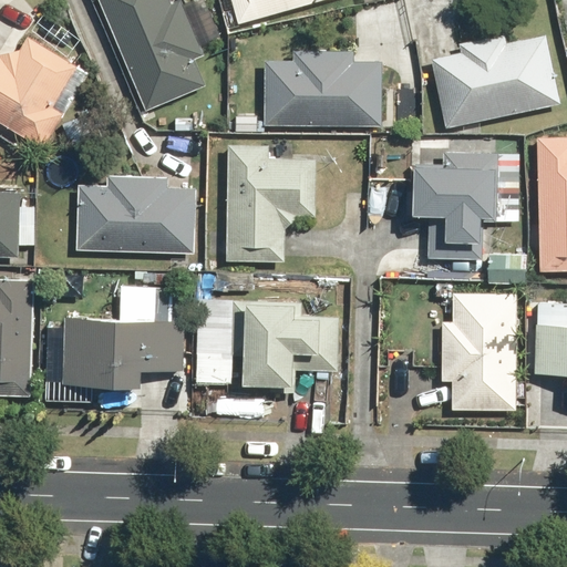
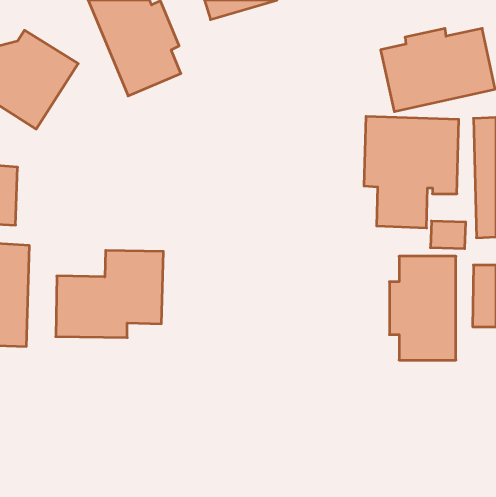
building: [264,51,381,127] -> none
building: [226,144,317,262] -> none
building: [76,176,196,255] -> none
building: [197,300,339,383] -> none

